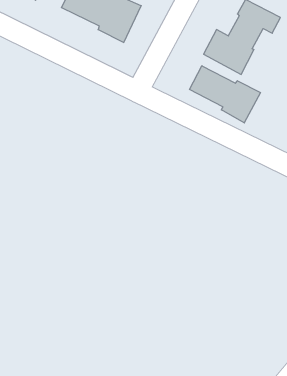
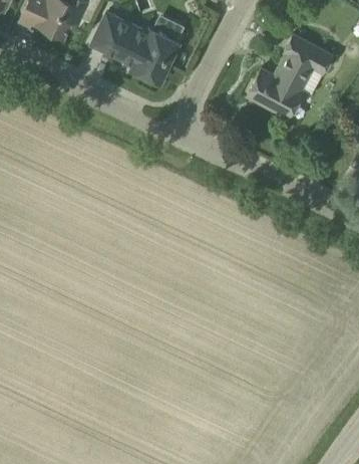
building: [190,66,260,123] -> none

